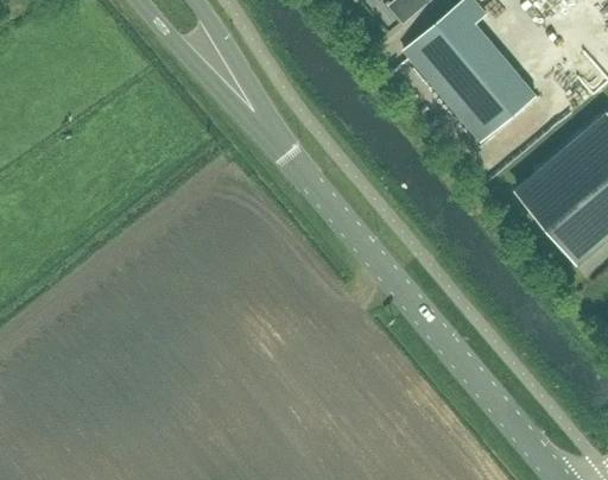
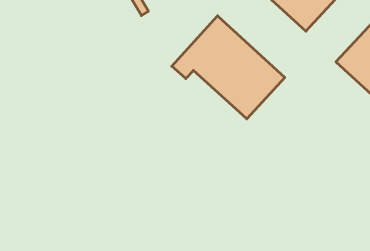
building: none -> [172,16,285,119]

